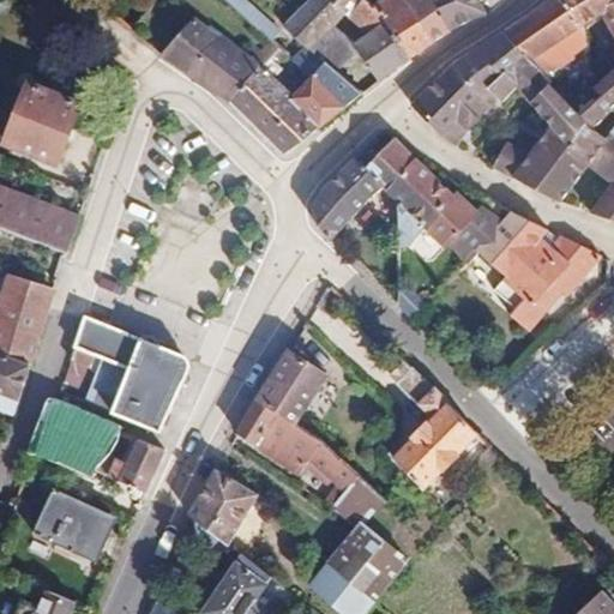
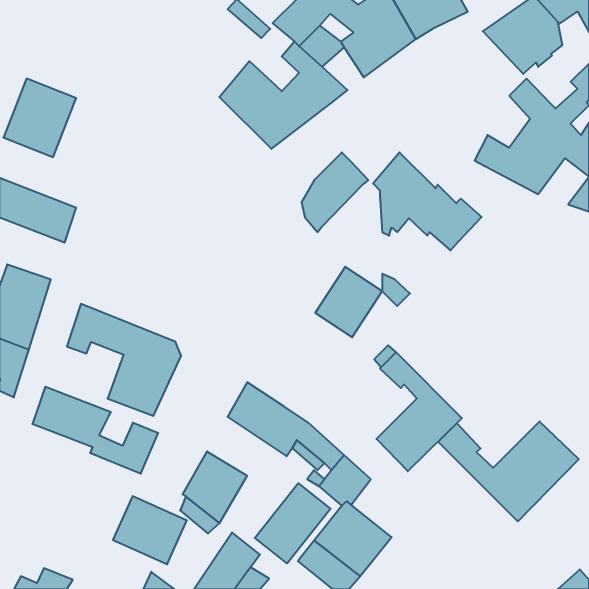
building: [161,18,259,101] -> none
building: [410,32,547,145] -> none
building: [365,137,415,191] -> none
building: [476,211,601,331] -> none
building: [257,349,326,422] -> [315,267,382,337]
building: [84,367,125,411] -> none
building: none -> [438,421,579,521]
building: [32,488,109,559] -> [113,496,187,564]
building: none -> [255,483,331,563]

